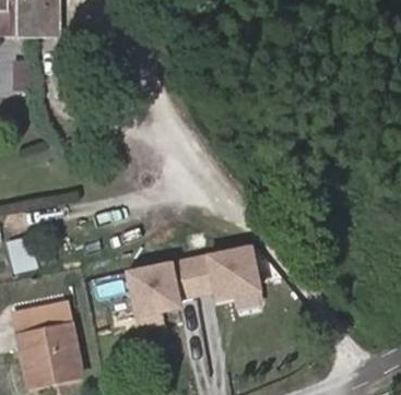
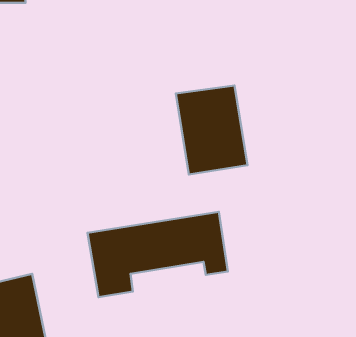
building: none -> [176,85,247,175]

